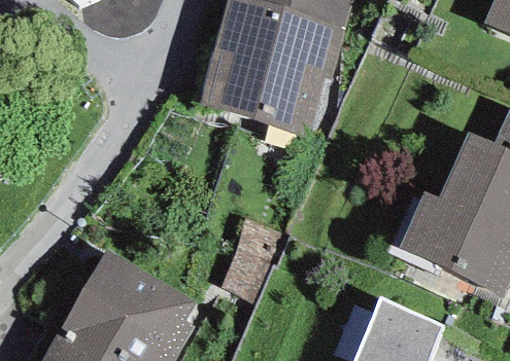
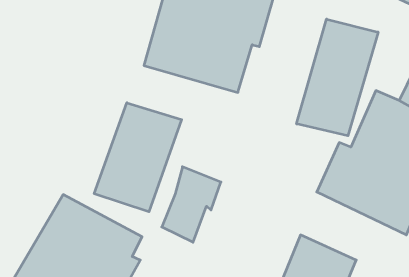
building: none -> [297,19,378,136]
building: none -> [94,103,182,212]

